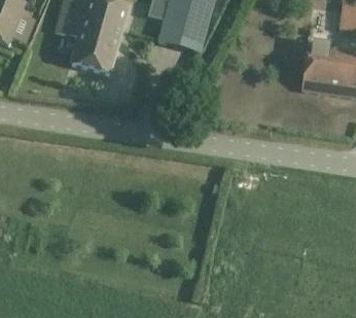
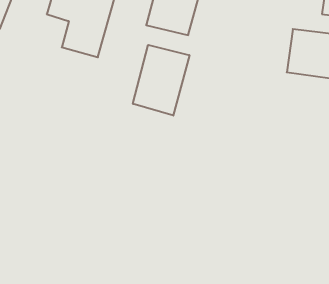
building: none -> [133,45,189,116]

